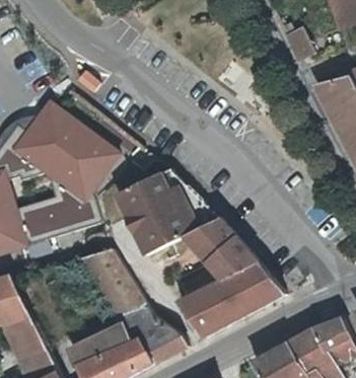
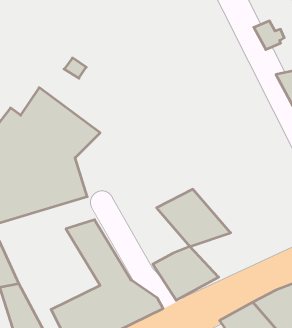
building: [111,171,199,257] -> none
building: [216,264,285,313] -> none

